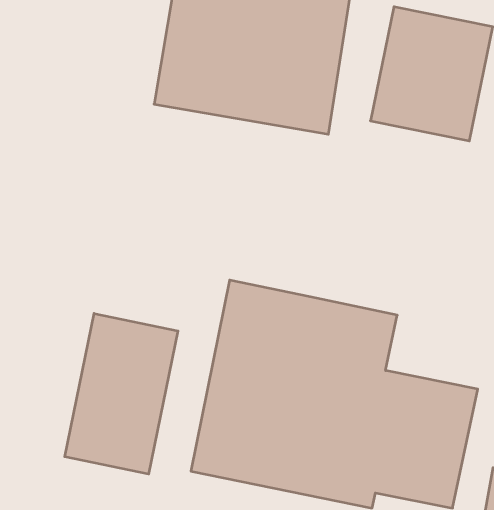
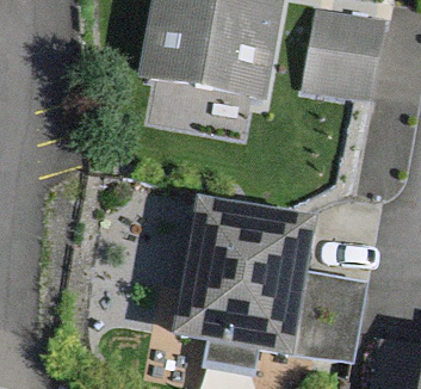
building: [65,313,178,474] -> none

